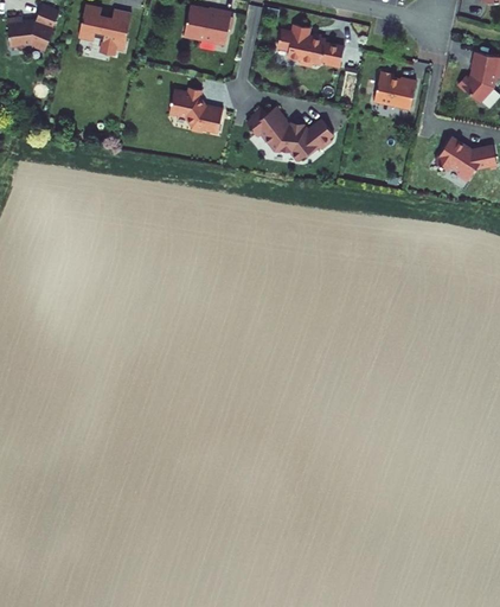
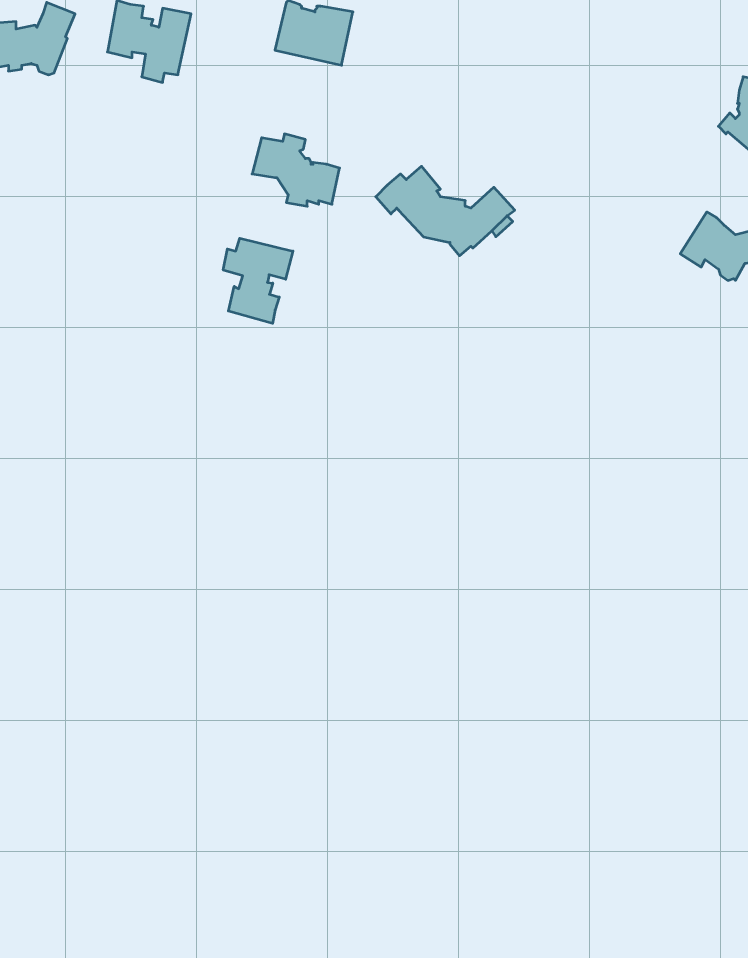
building: [277,25,345,68] -> none
building: [374,71,416,109] -> none
building: none -> [223,238,293,323]

